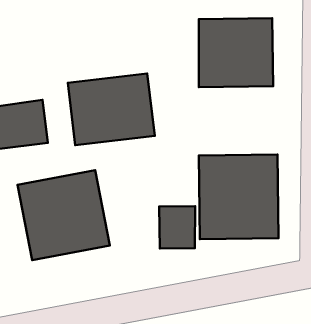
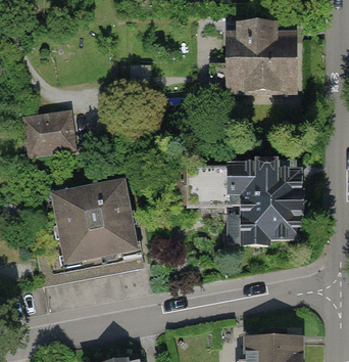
building: [68,74,155,145] -> none
building: [159,206,195,249] -> none

